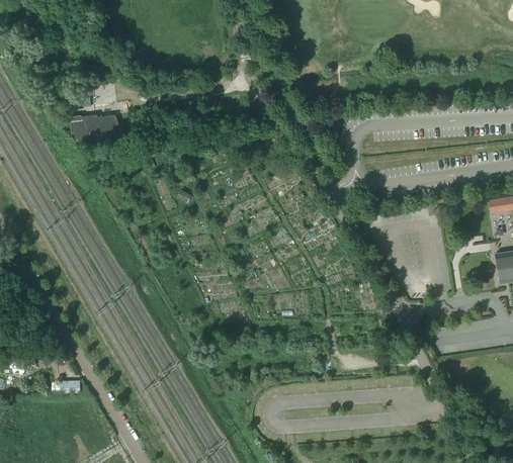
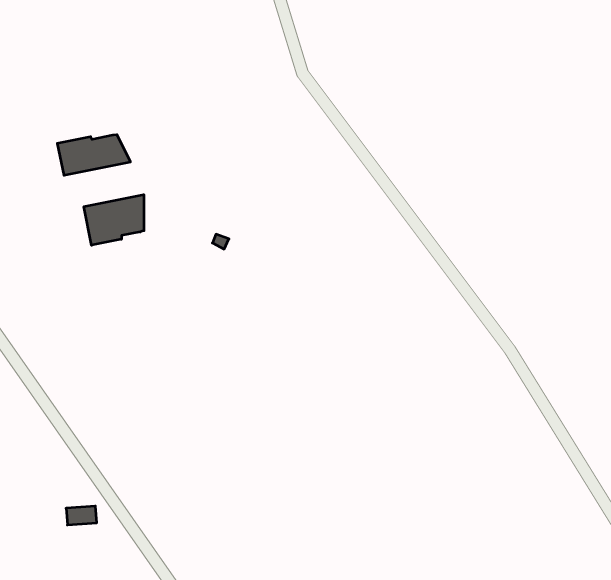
building: none -> [84,195,144,245]

